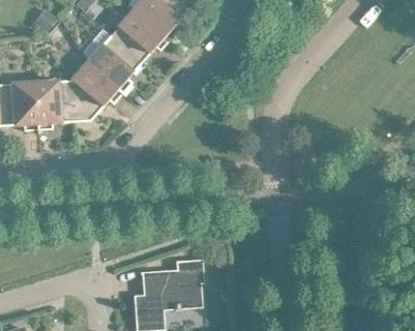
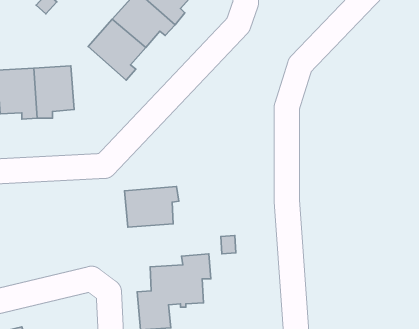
building: [69,60,122,120] -> none
building: none -> [125,186,179,227]

